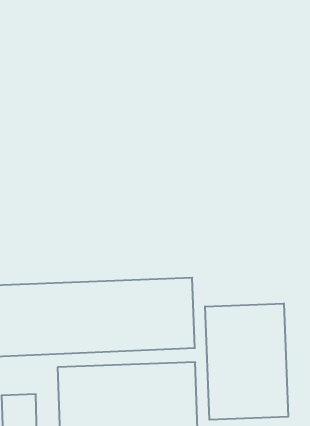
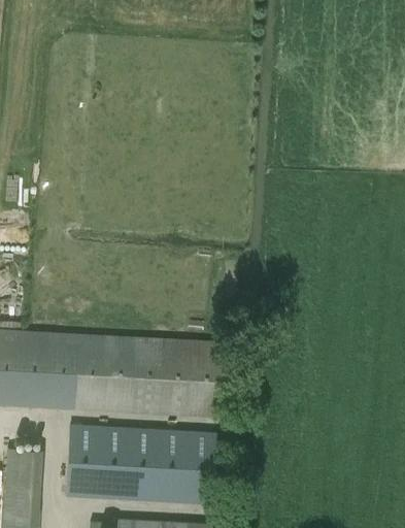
building: [205,303,288,420] -> none

